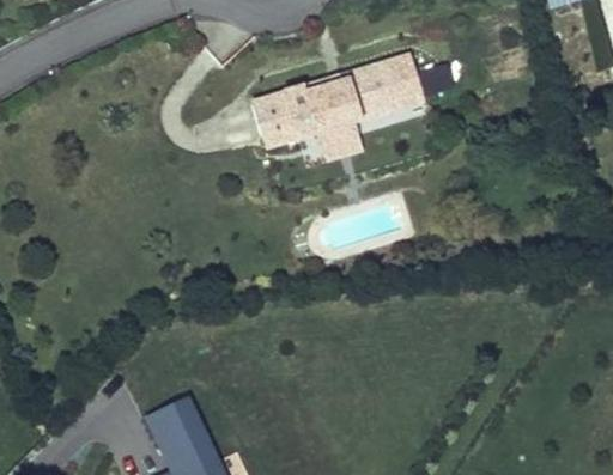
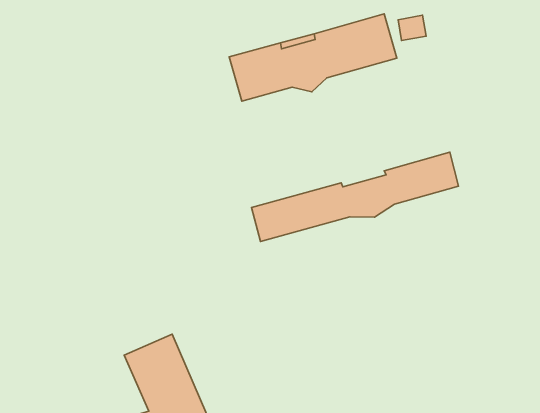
building: none -> [252,152,459,241]

